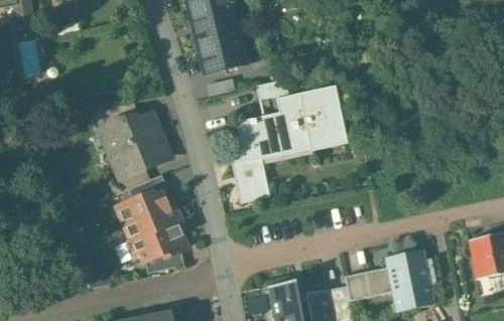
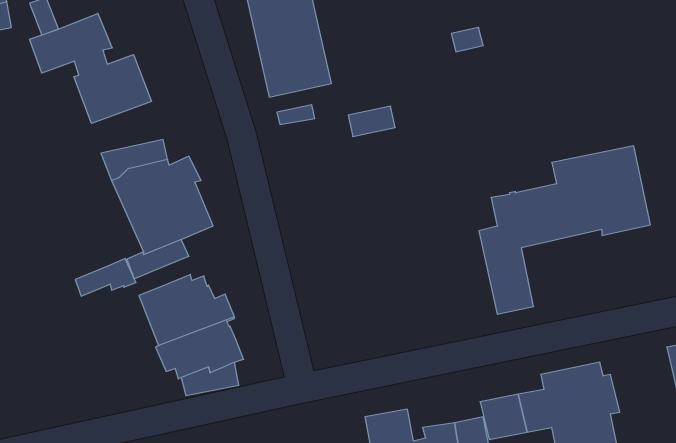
building: none -> [30,13,151,123]
building: [230,89,344,200] -> [479,146,650,314]
building: [128,174,168,199] -> [75,258,136,296]

